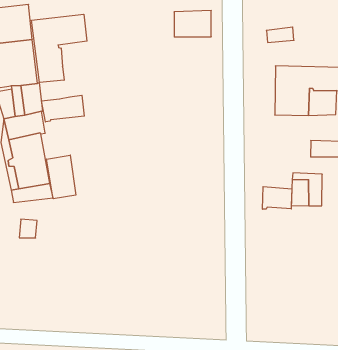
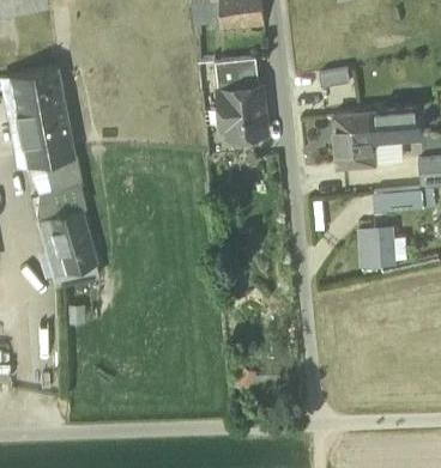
building: [32,14,87,83] -> none
building: none -> [218,84,266,141]
building: [42,95,84,122] -> none
building: [47,155,76,199] -> none
building: [263,187,292,209] -> none

